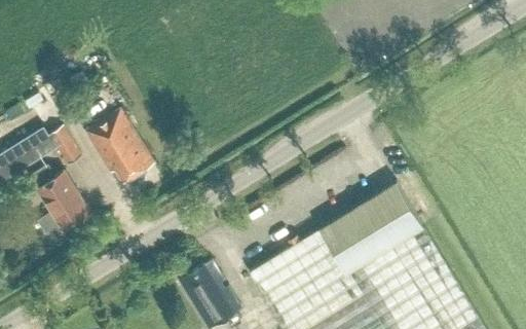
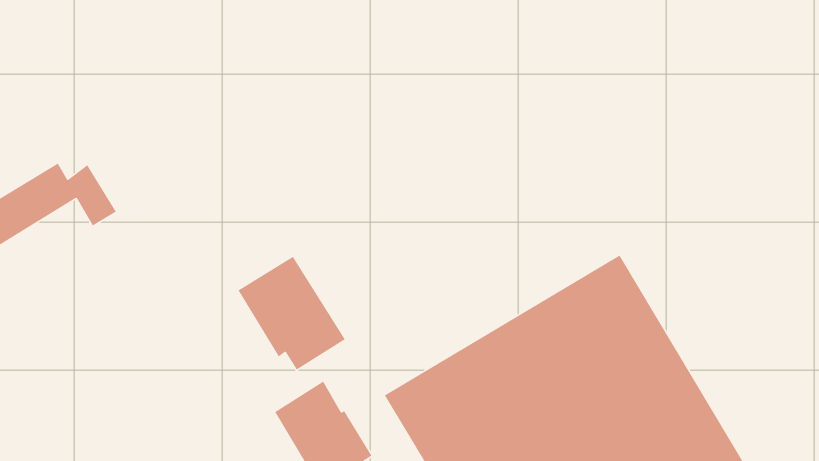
building: [85,110,153,182] -> [238,256,346,370]
building: [28,162,90,231] -> none

